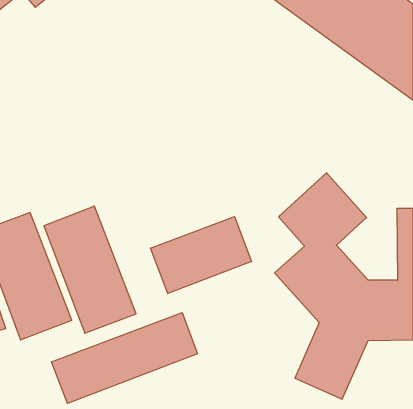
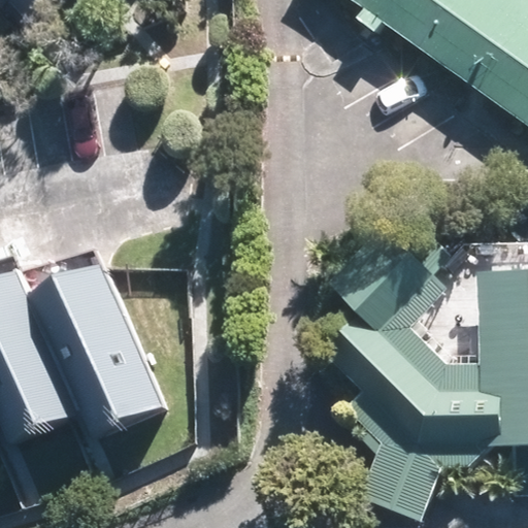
building: [150,217,251,294] -> none
building: [52,313,197,403] -> none

